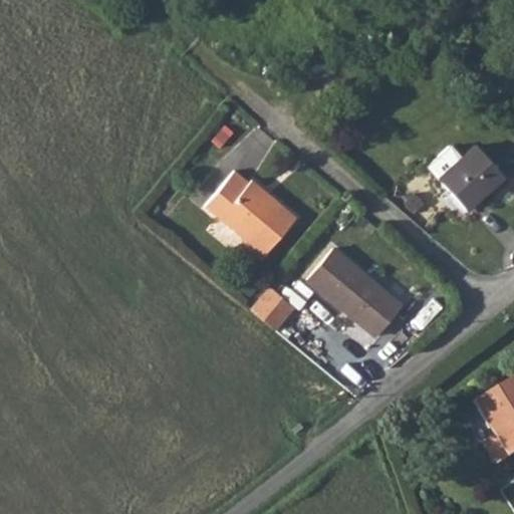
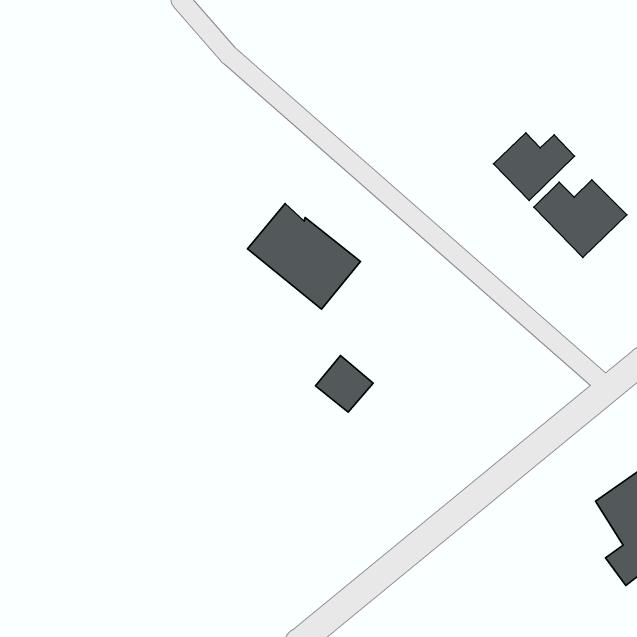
building: none -> [493,133,575,200]
building: [307,250,401,340] -> none

